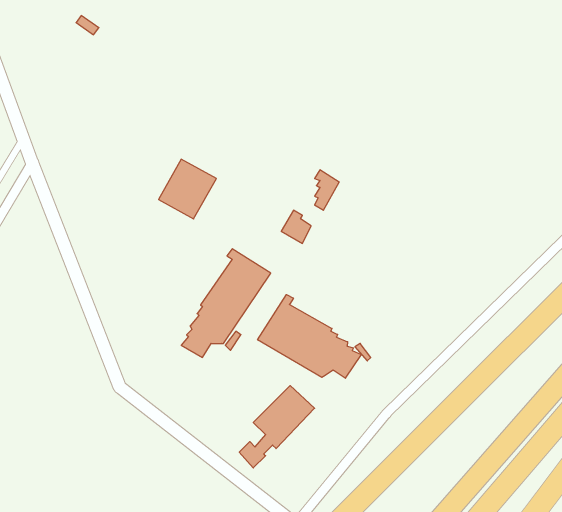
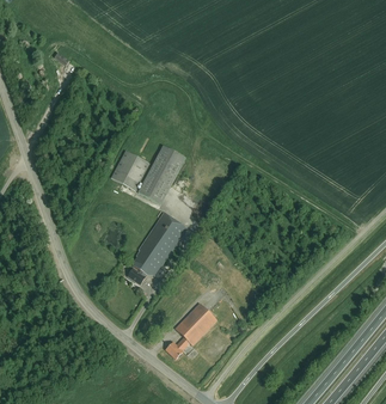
building: none -> [137,145,185,203]
building: [258,295,361,378] -> none

